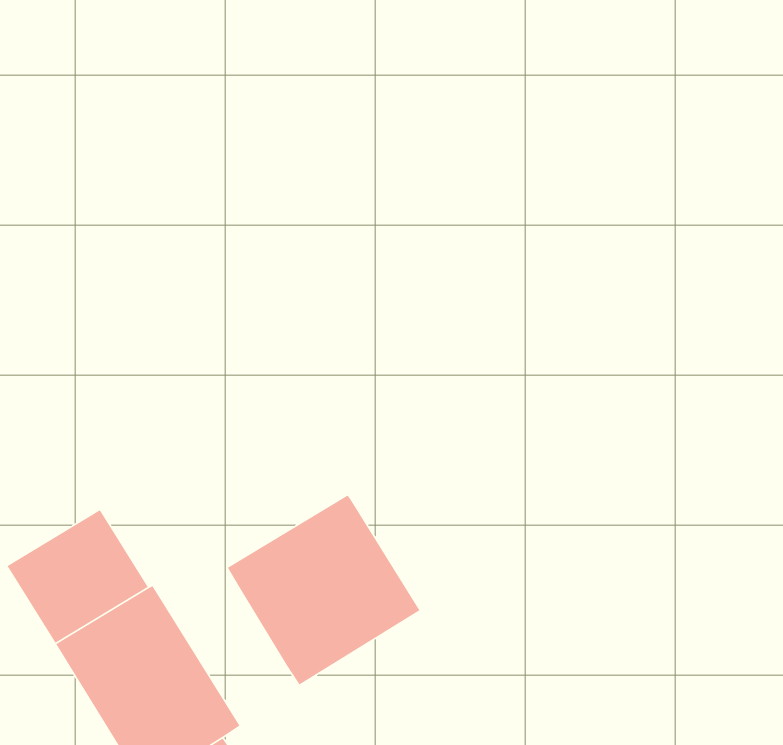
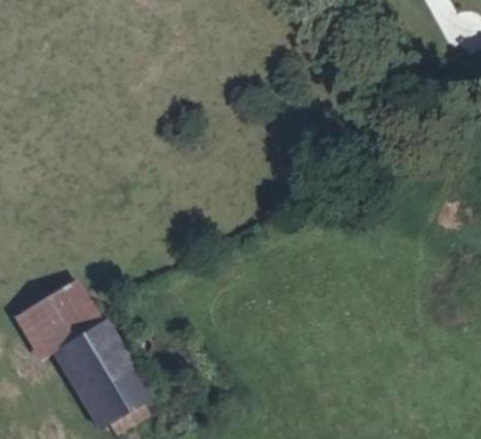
building: [227,494,421,685] -> none

